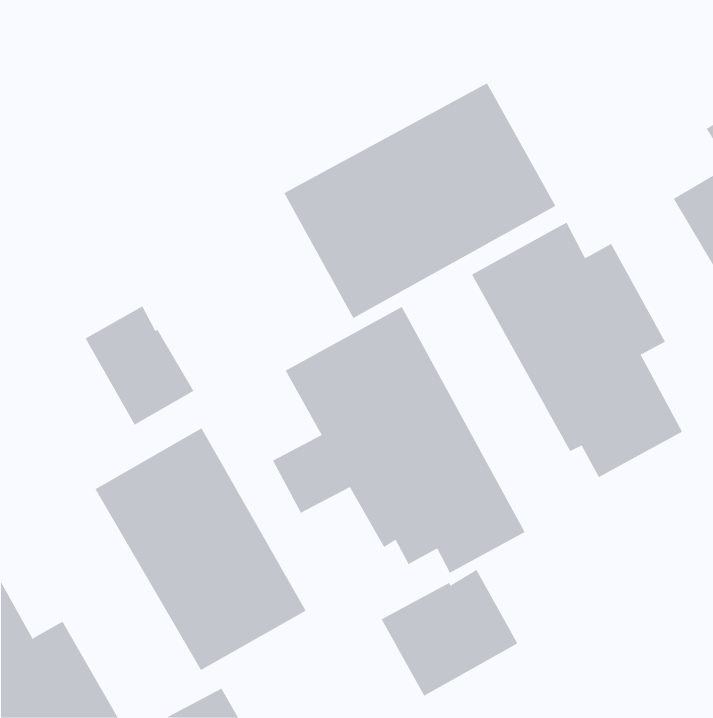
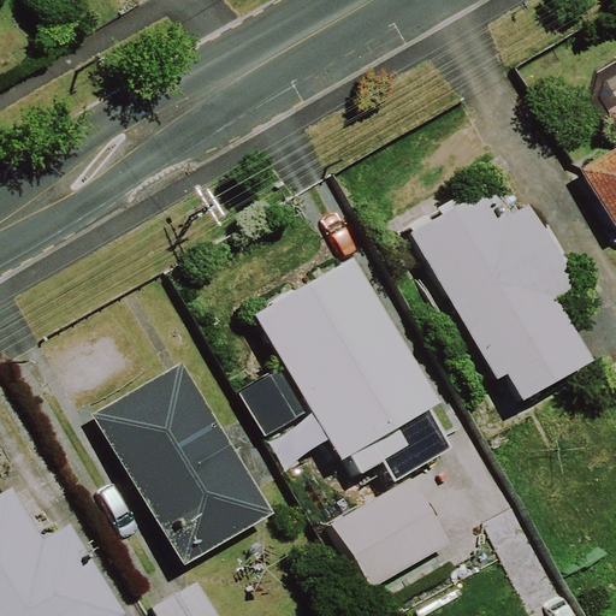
building: [284,83,556,319] -> none
building: [85,305,194,425] -> none

